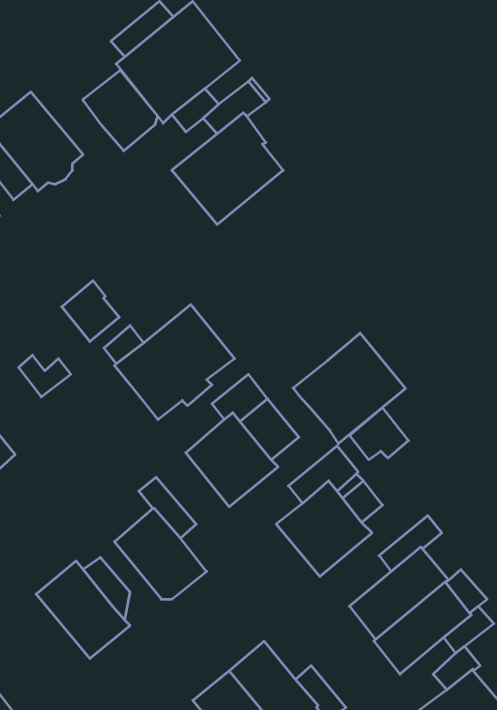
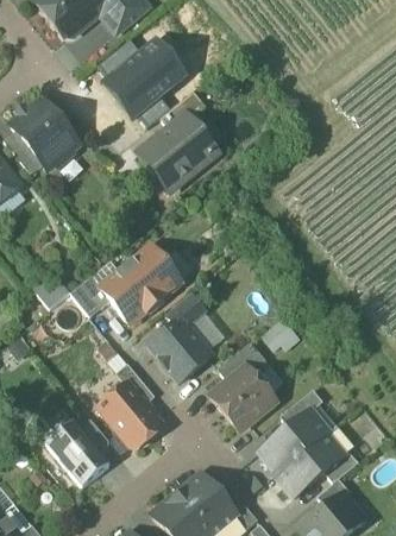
building: [83,70,157,151] -> none
building: [62,281,119,342] -> [70,275,109,316]
building: [293,333,405,444] -> none

